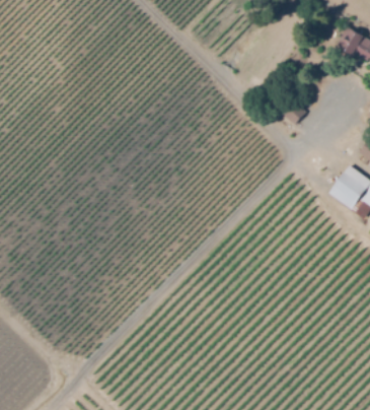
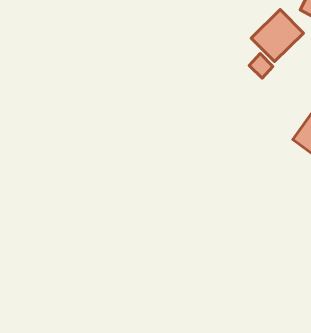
building: none -> [251,10,304,62]

